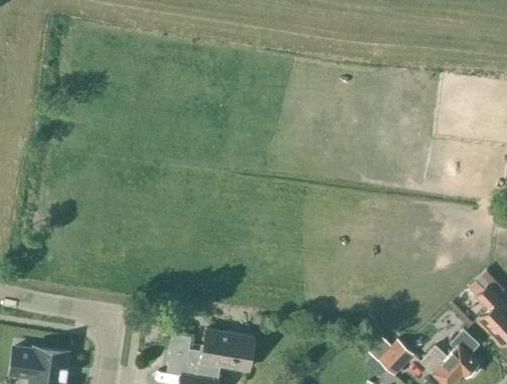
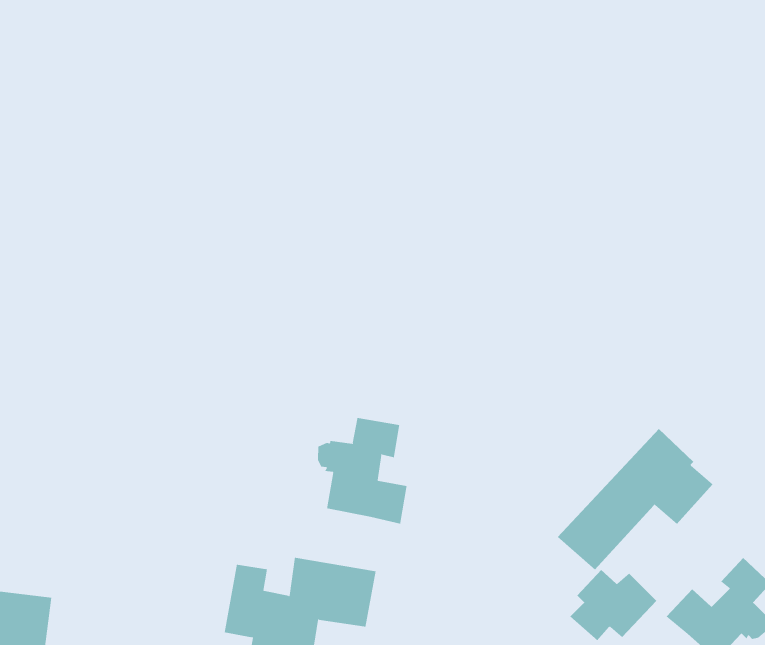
building: none -> [317,417,407,524]
building: none -> [557,428,714,571]

